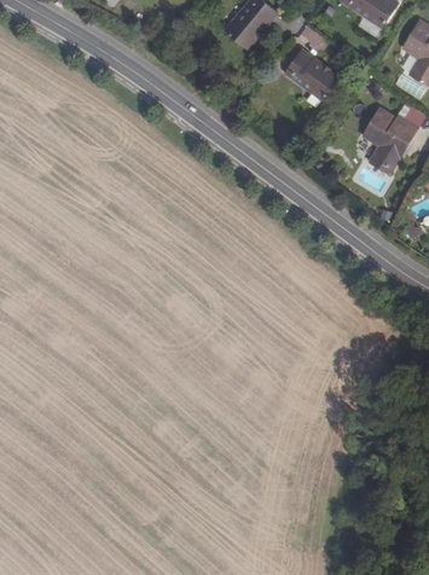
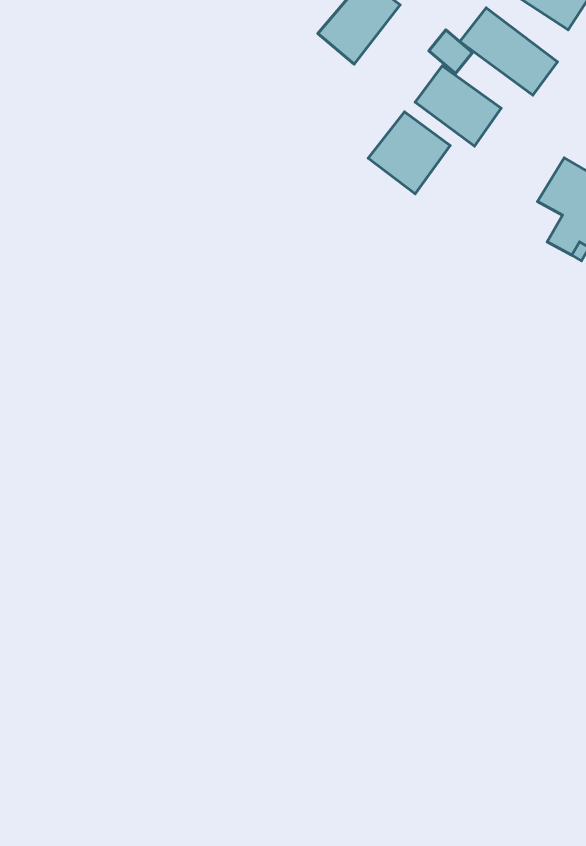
building: none -> [460,8,557,95]
building: none -> [368,112,450,194]

